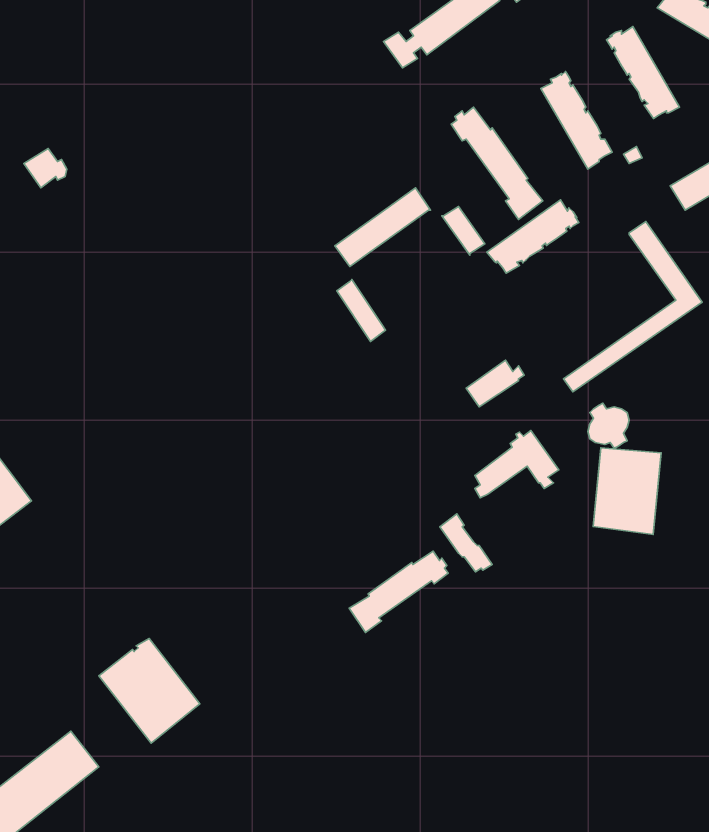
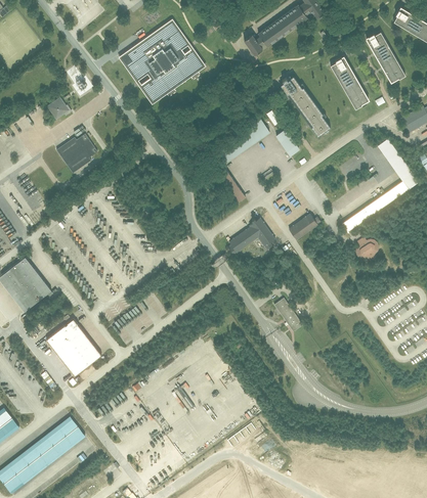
building: none -> [121,22,201,100]
building: [487,200,579,273] -> none
building: none -> [55,134,96,173]
building: [475,430,559,498] -> [228,218,274,255]
building: [593,448,661,535] -> none
building: [349,551,448,632] -> none
building: [99,638,200,743] -> [45,319,100,376]

